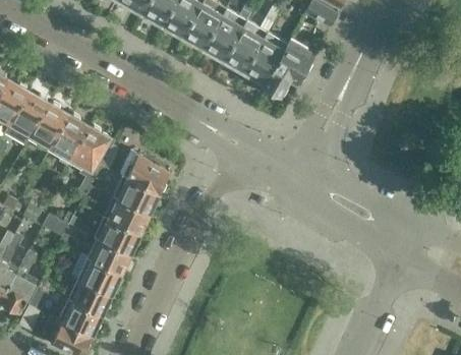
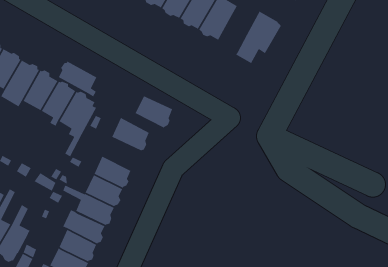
building: [243,33,284,83] -> none
building: none -> [58,60,98,98]
building: [115,177,158,214] -> [134,95,173,128]

